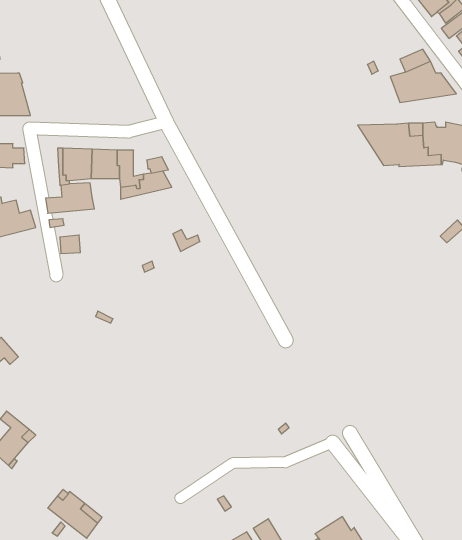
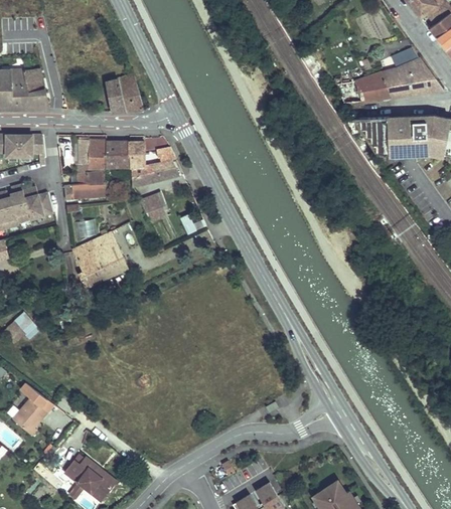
building: none -> [333,71,391,103]
building: none -> [106,74,142,112]
building: none -> [142,192,164,221]
building: none -> [72,231,126,286]

